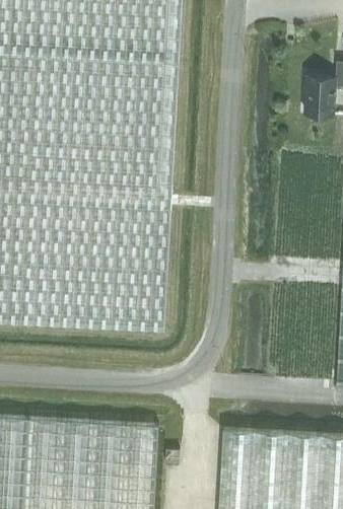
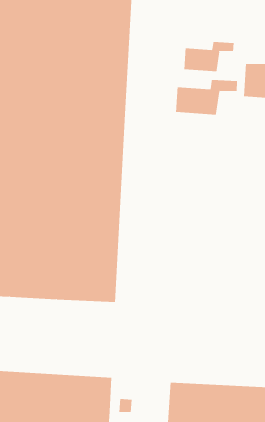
building: none -> [184,41,234,72]
building: none -> [175,79,238,115]

